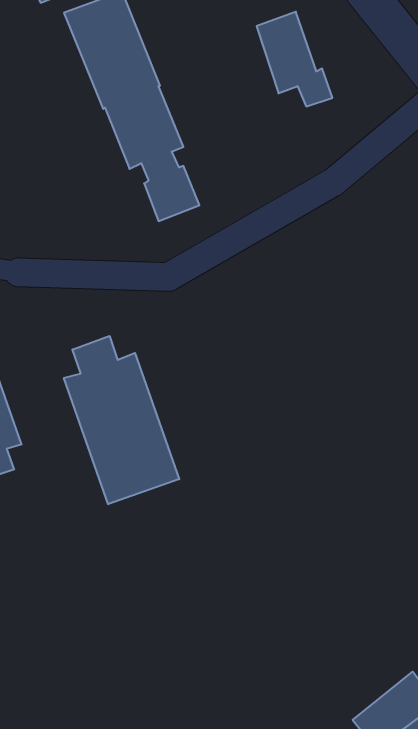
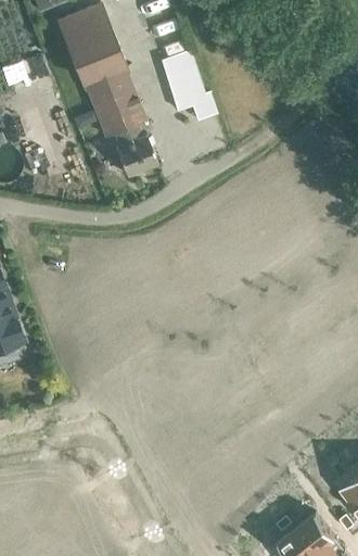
building: [257,12,332,106] -> [161,50,217,121]
building: [64,336,179,504] -> none

